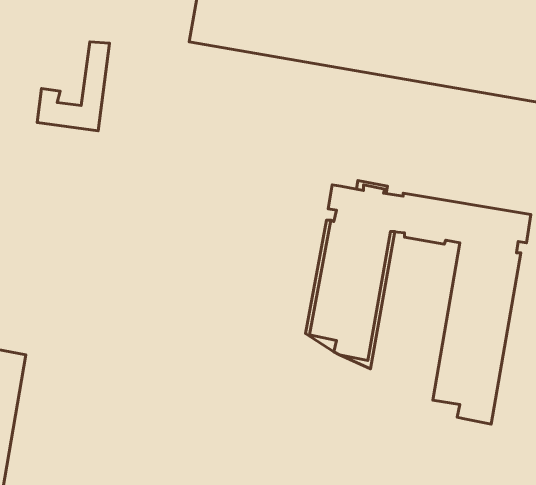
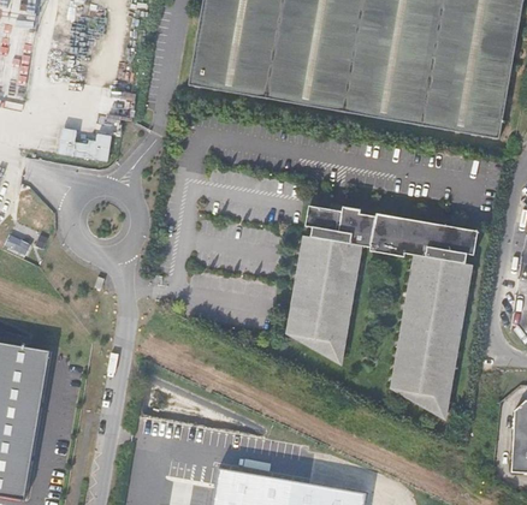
building: none -> [391,254,418,403]
building: none -> [420,254,474,416]

